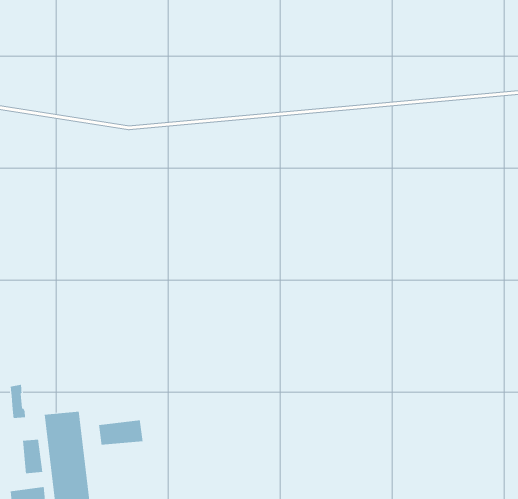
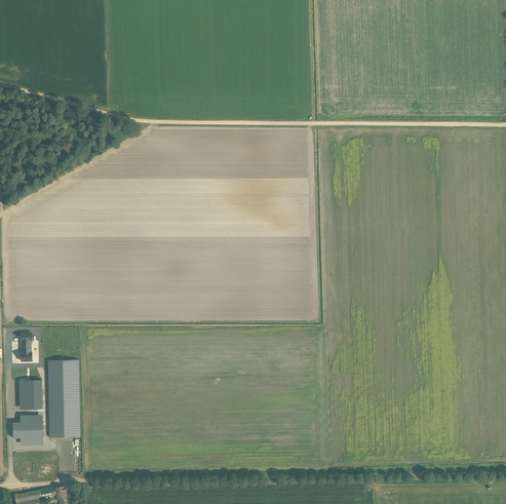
building: [99,419,143,445] -> none

